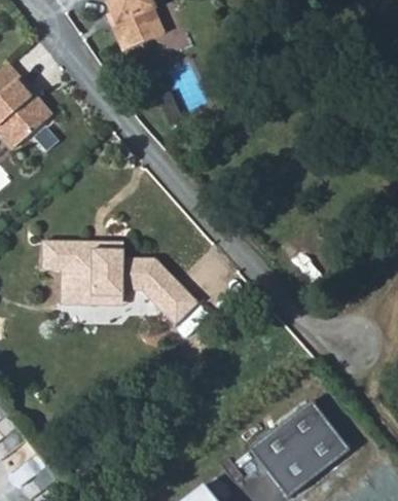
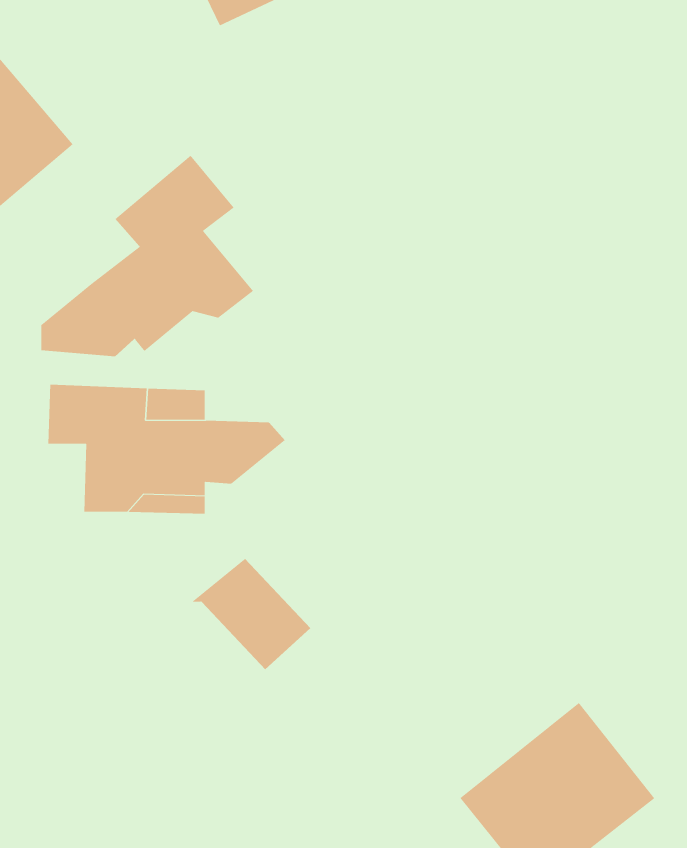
building: none -> [41,155,254,357]
building: [133,265,194,323] -> [191,558,311,670]

